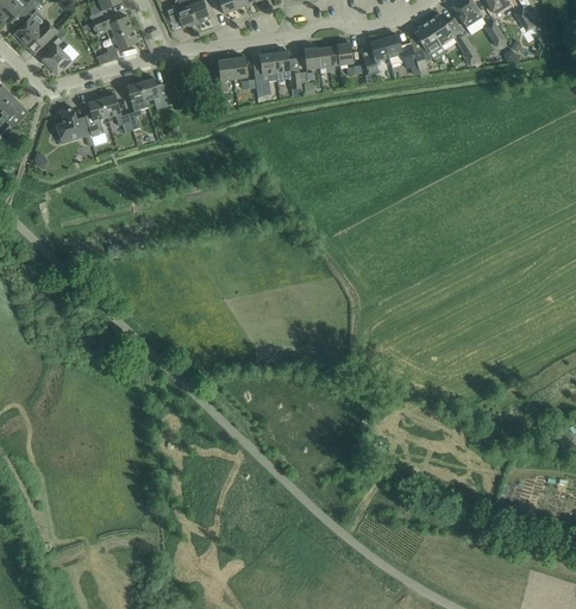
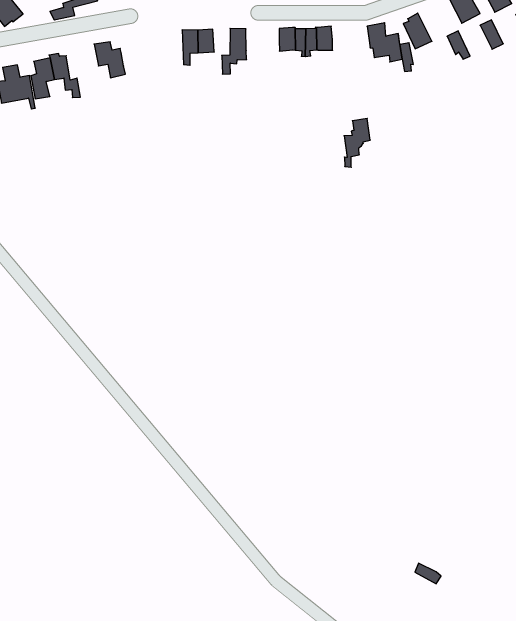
building: [426,13,462,45] -> none
building: [363,38,387,83] -> [344,118,370,167]
building: [274,50,301,88] -> none
building: [126,81,148,136] -> none

